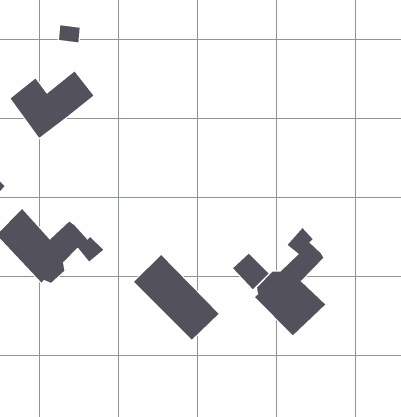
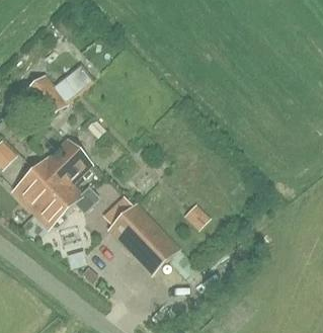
building: none -> [32,139,89,192]
building: [254,227,326,336] -> none

